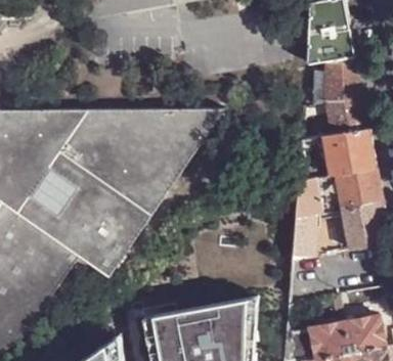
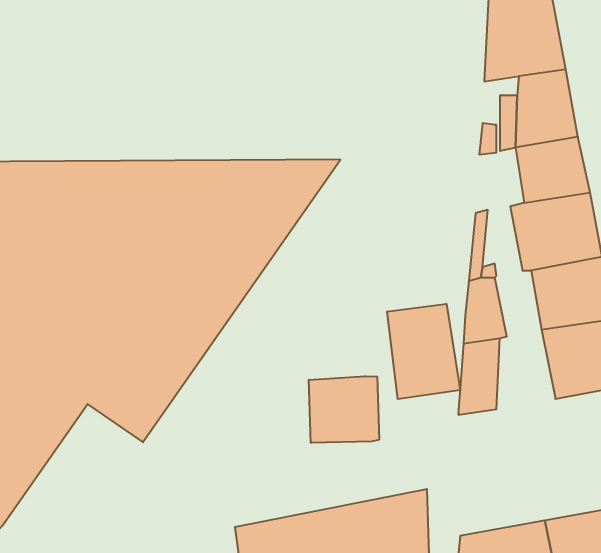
building: none -> [387,304,460,399]
building: none -> [309,376,379,443]

